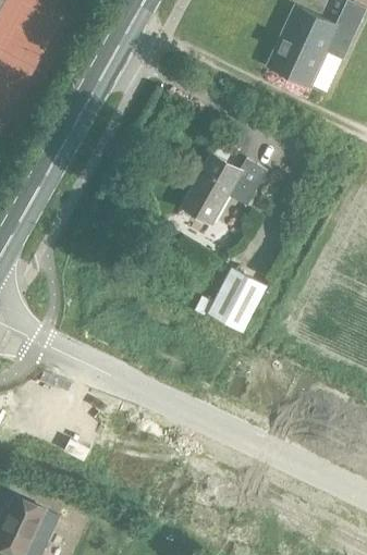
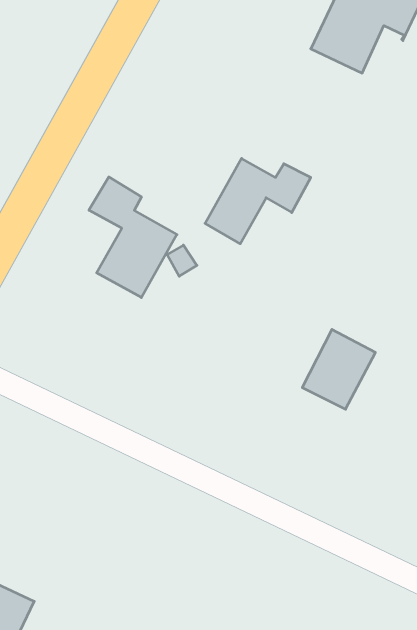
building: none -> [89,177,177,298]
building: [208,268,267,332] -> [302,329,375,409]

